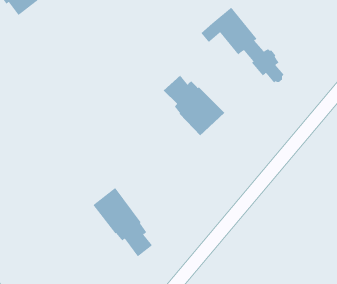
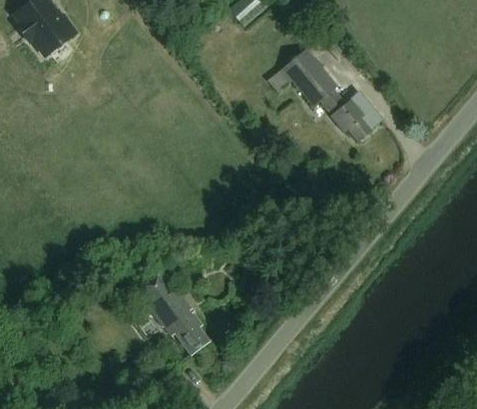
building: [163,75,225,136] -> none

